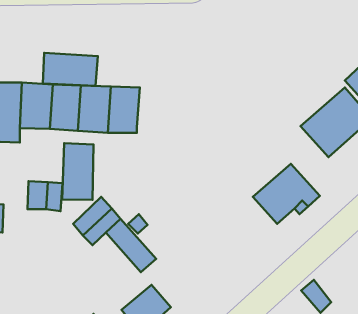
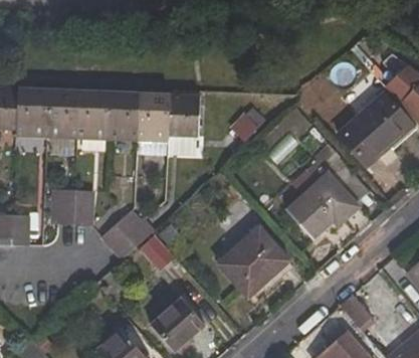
building: [43,53,98,86] -> none
building: none -> [169,95,200,136]
building: [62,143,93,200] -> none
building: none -> [219,228,288,297]

